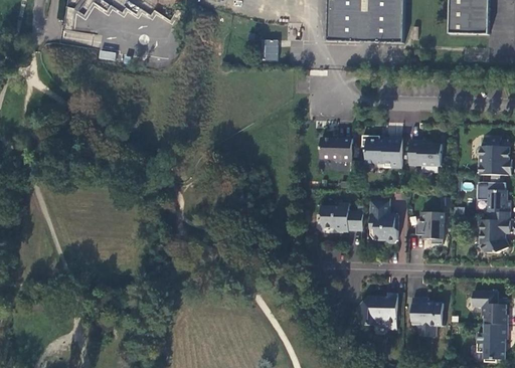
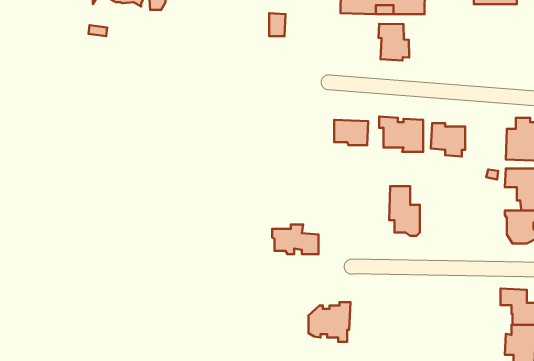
building: none -> [378,24,409,61]
building: [320,203,362,230] -> [272,224,318,254]
building: [415,211,443,242] -> none
building: [360,295,398,331] -> [309,302,350,342]
building: [411,298,443,336] -> none

